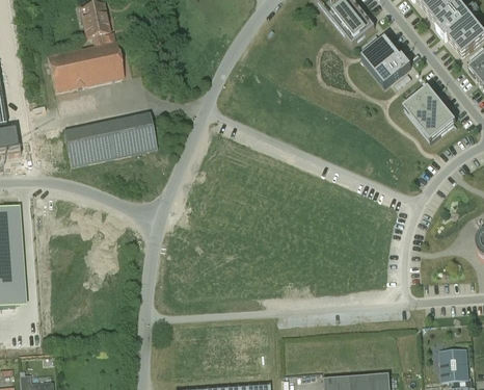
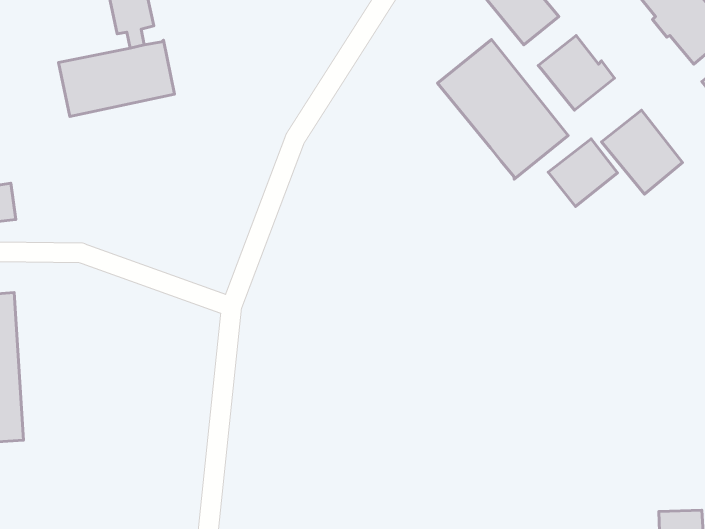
building: none -> [437,40,568,179]
building: none -> [548,139,617,207]
building: [63,112,157,164] -> none

